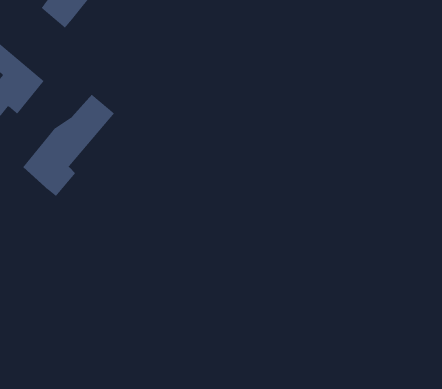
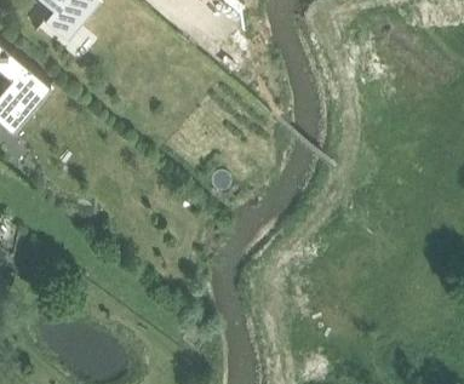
building: [22,94,115,197] -> none

